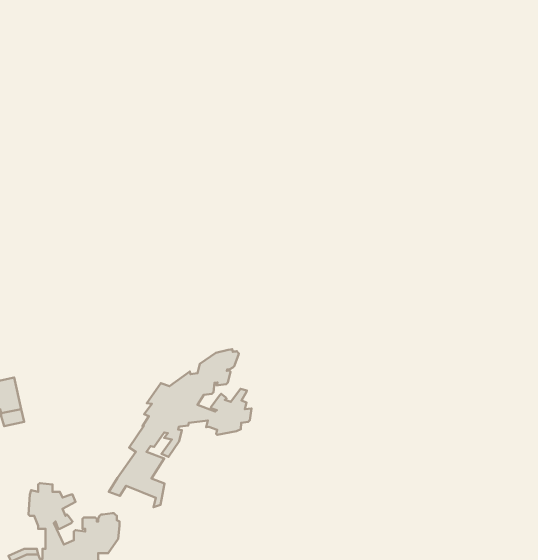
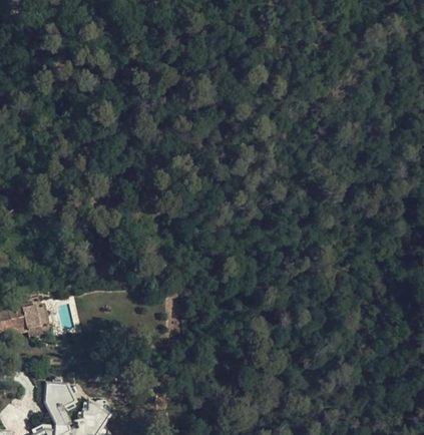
building: [109,349,251,507] -> none

